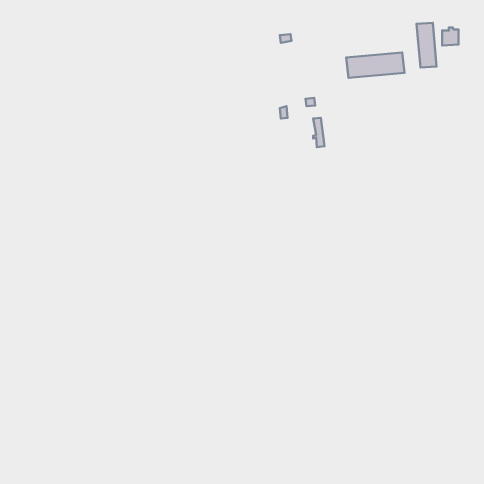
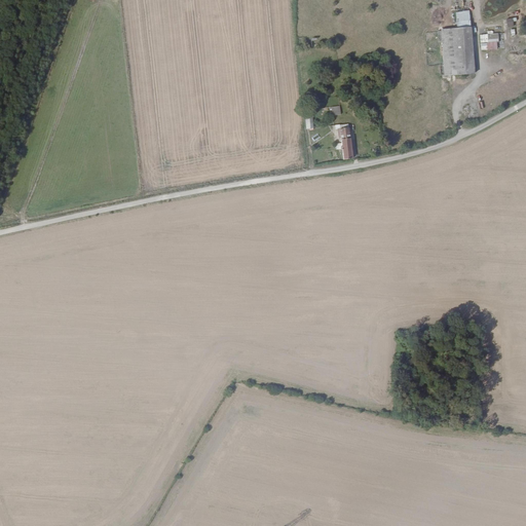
building: [346,53,404,78] -> none

